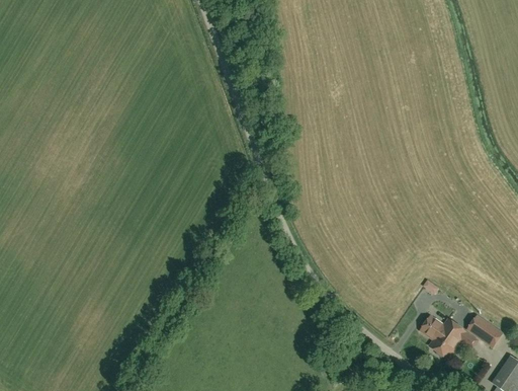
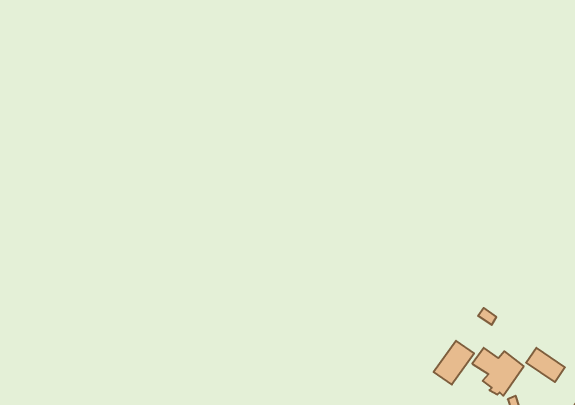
building: none -> [434,341,474,385]

